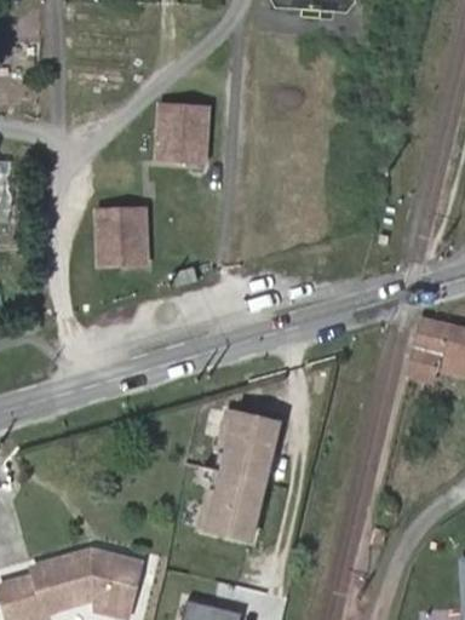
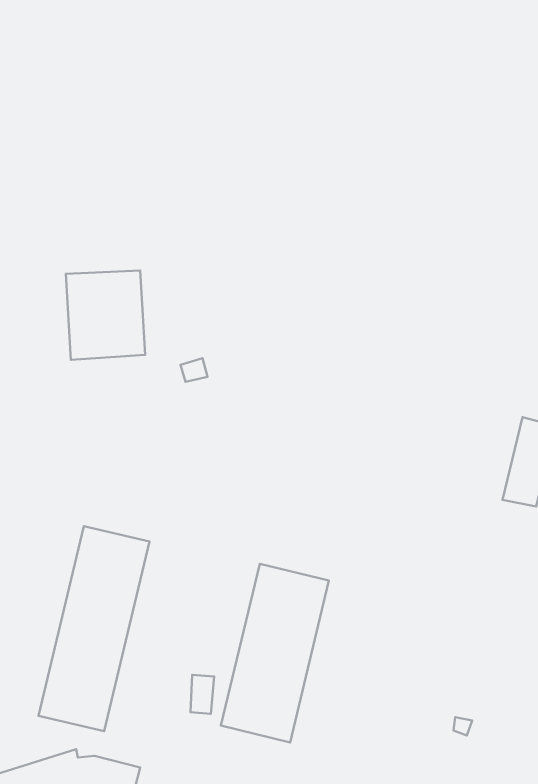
building: [151,102,208,171] -> none
building: none -> [39,526,149,731]

